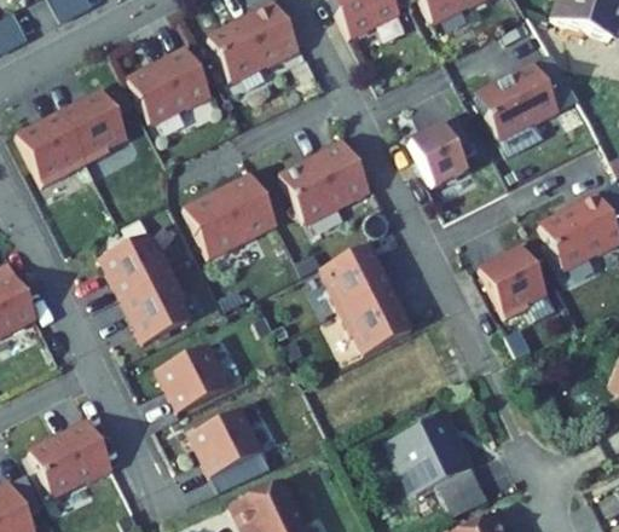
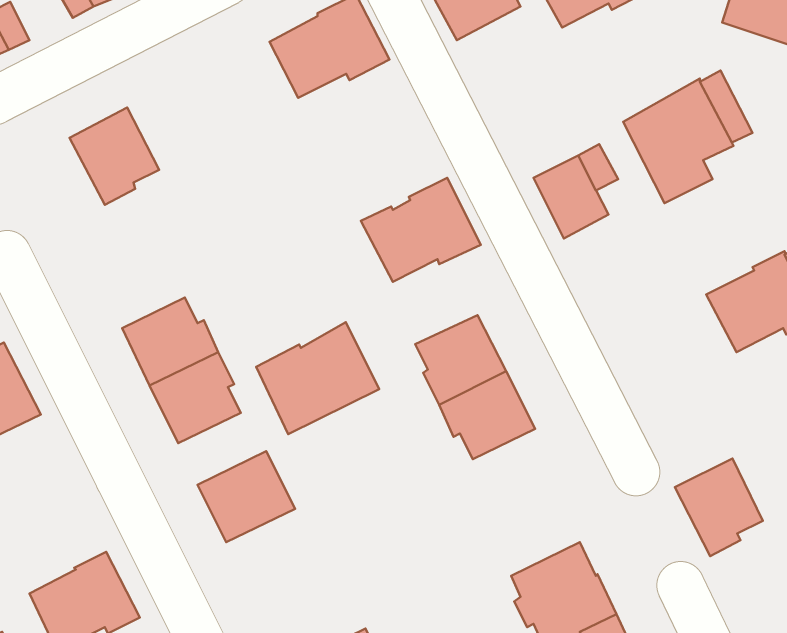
building: [128,44,213,118] -> none
building: [16,109,86,181] -> none
building: [184,170,277,255] -> [256,322,379,434]
building: [480,248,546,322] -> [675,458,763,556]
building: [186,406,260,478] -> none

